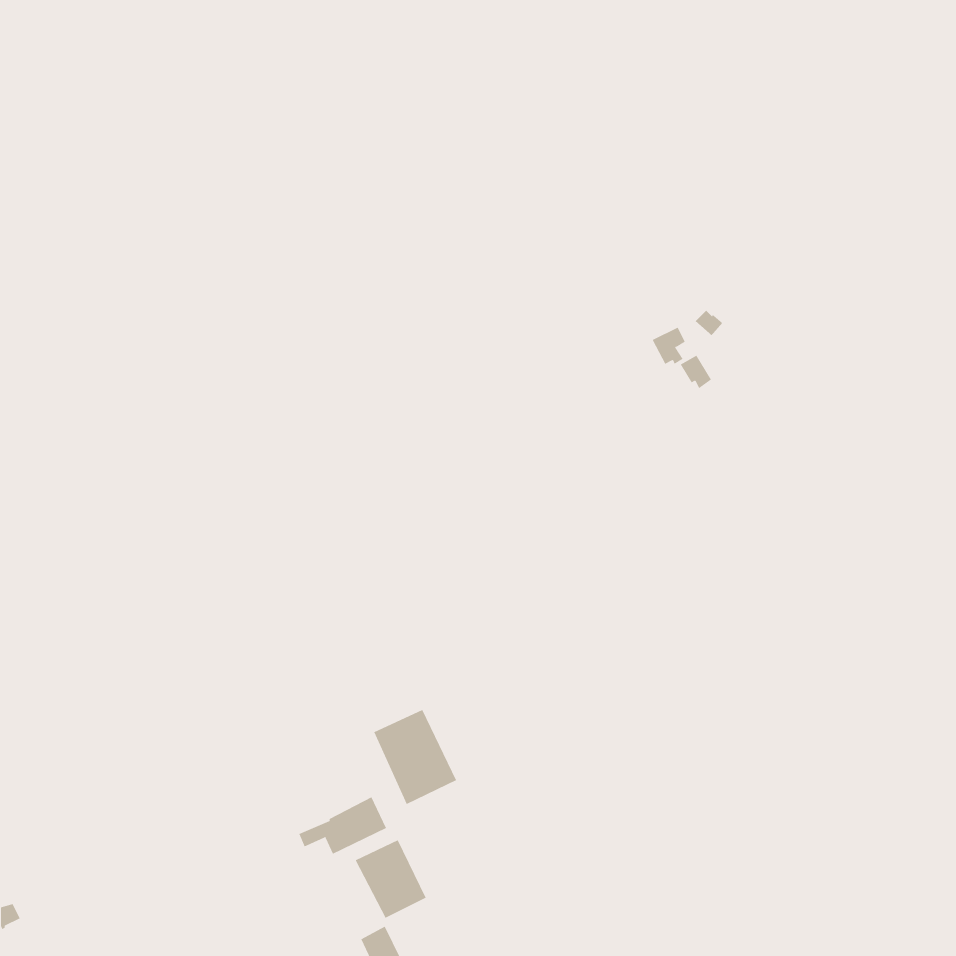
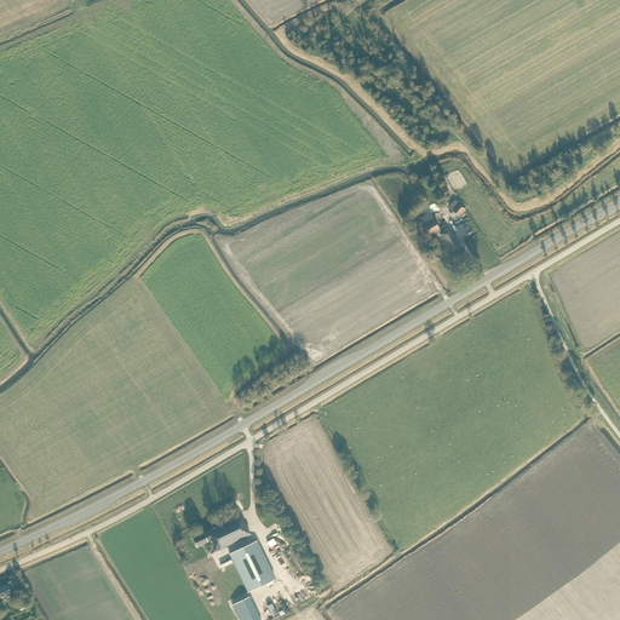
building: [374,709,457,805] -> none

